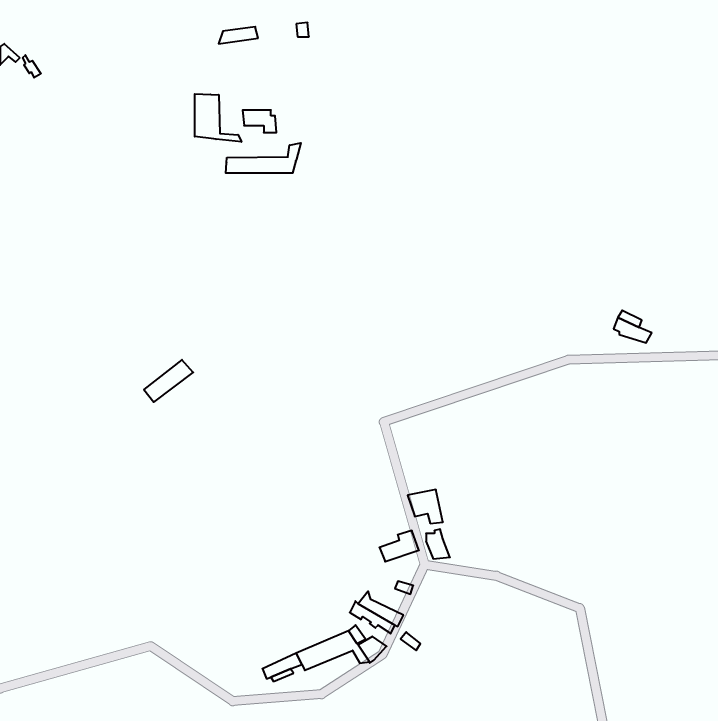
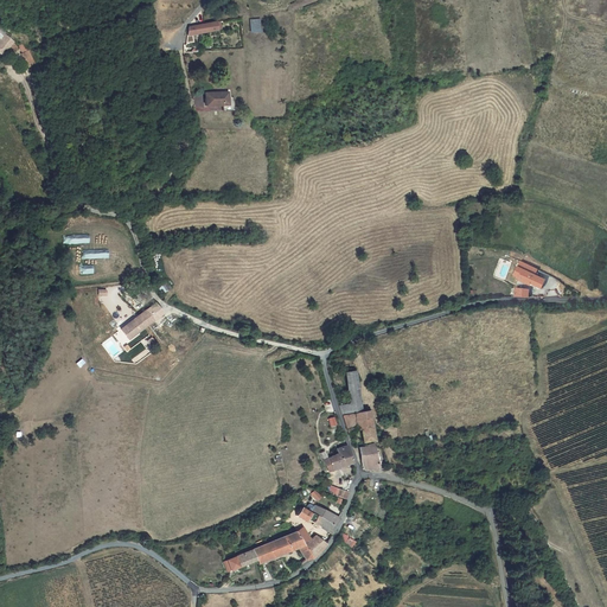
building: [195,94,241,142] -> none
building: [226,143,301,173] -> none
building: none -> [341,372,369,416]

